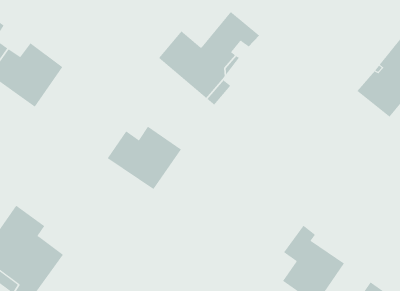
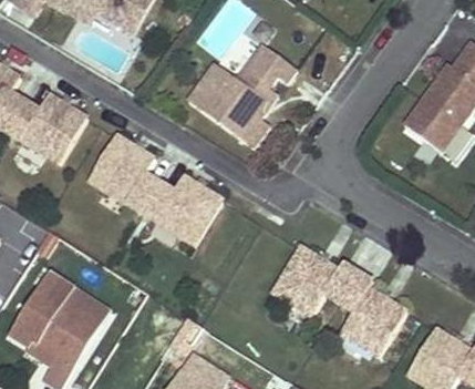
building: none -> [87,134,159,213]
building: none -> [272,246,358,316]

